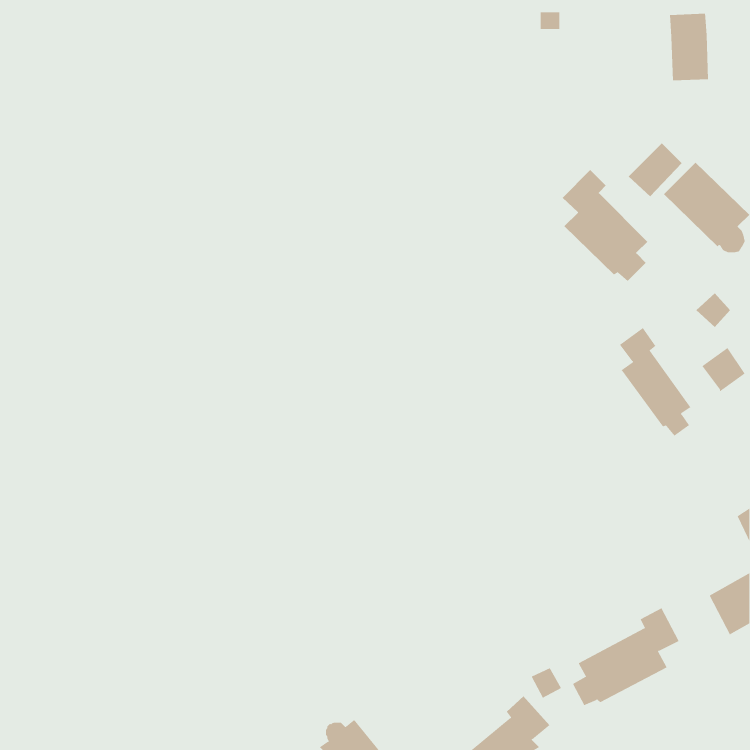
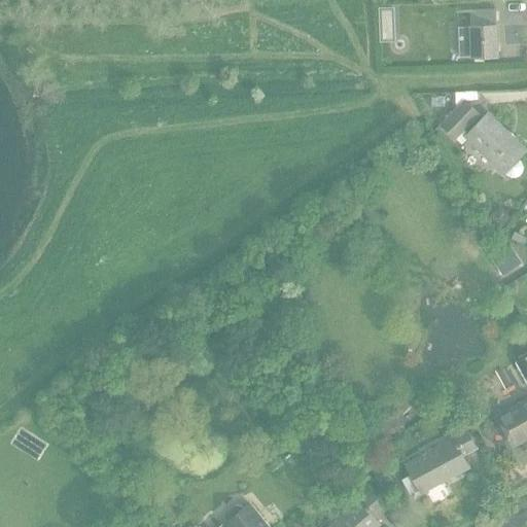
building: [562,169,648,282] -> none
building: [619,327,691,437] -> none

